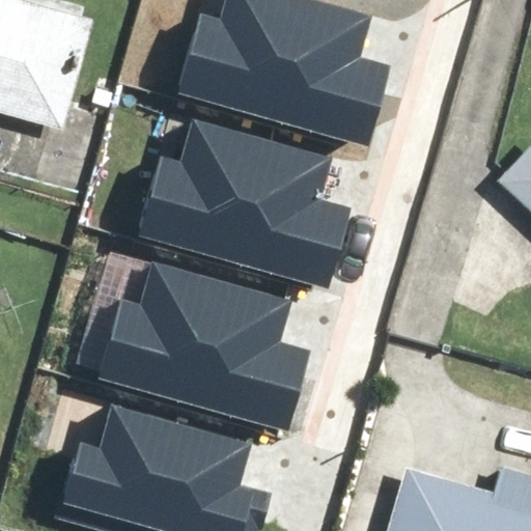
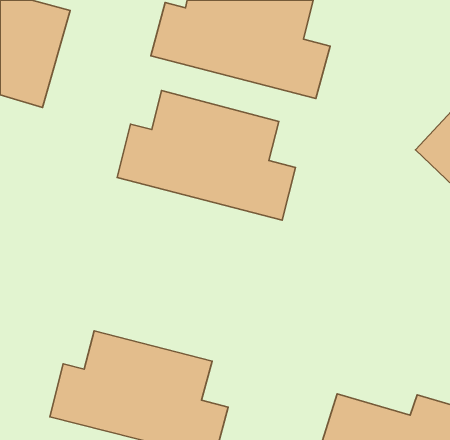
building: [95,274,305,424] -> none

